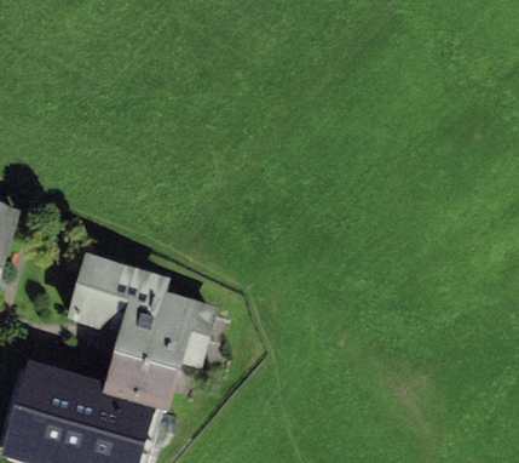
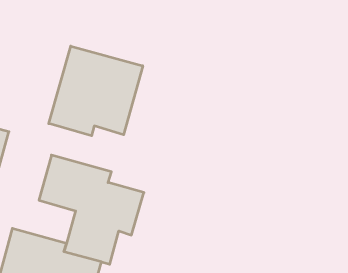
building: none -> [49,46,143,136]

